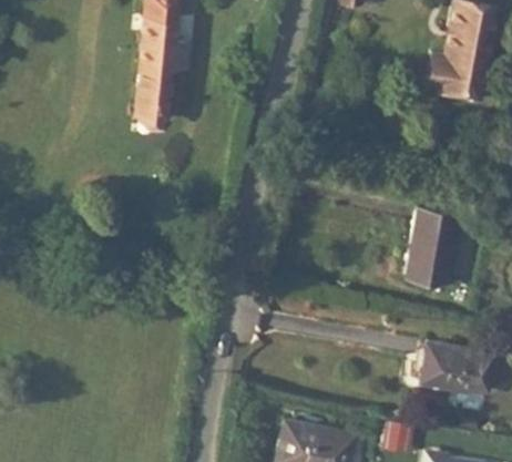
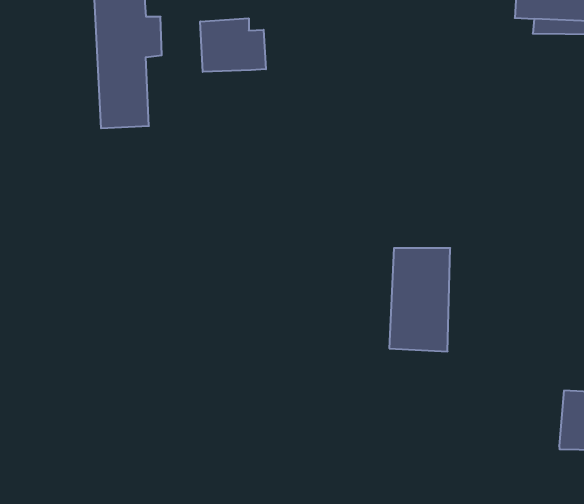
building: none -> [200,18,266,72]
building: [406,208,455,284] -> [389,248,450,351]

